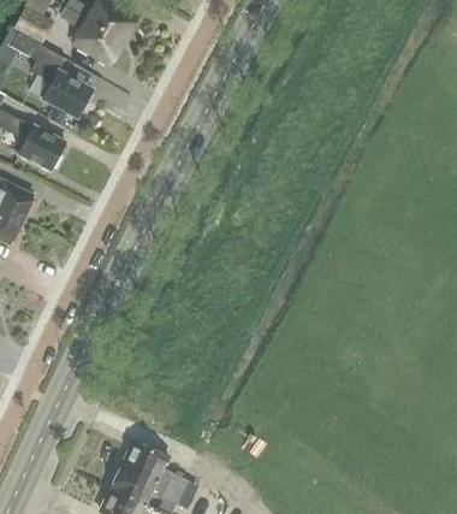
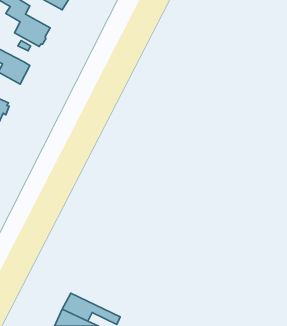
building: [121,439,197,498] -> none

